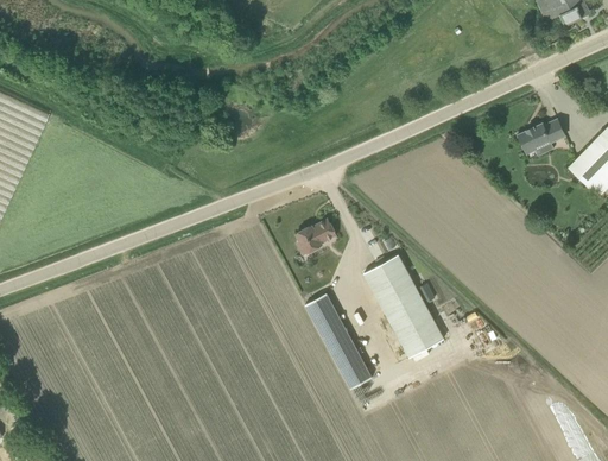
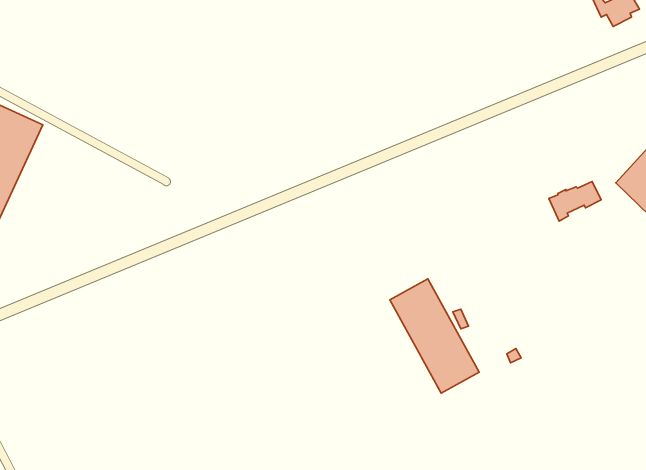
building: [518,119,565,154] -> [549,182,601,221]
building: [296,219,336,254] -> none
building: [304,290,368,389] -> none

